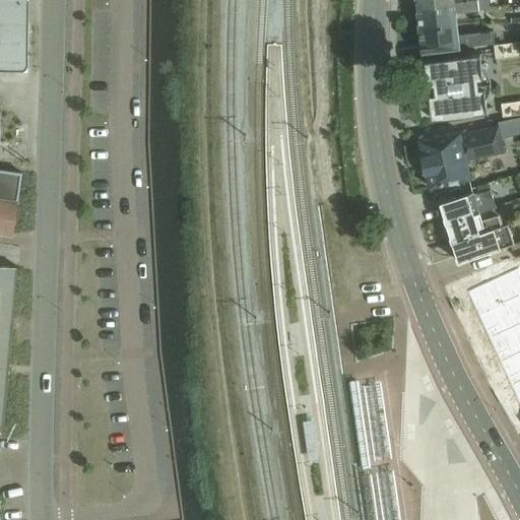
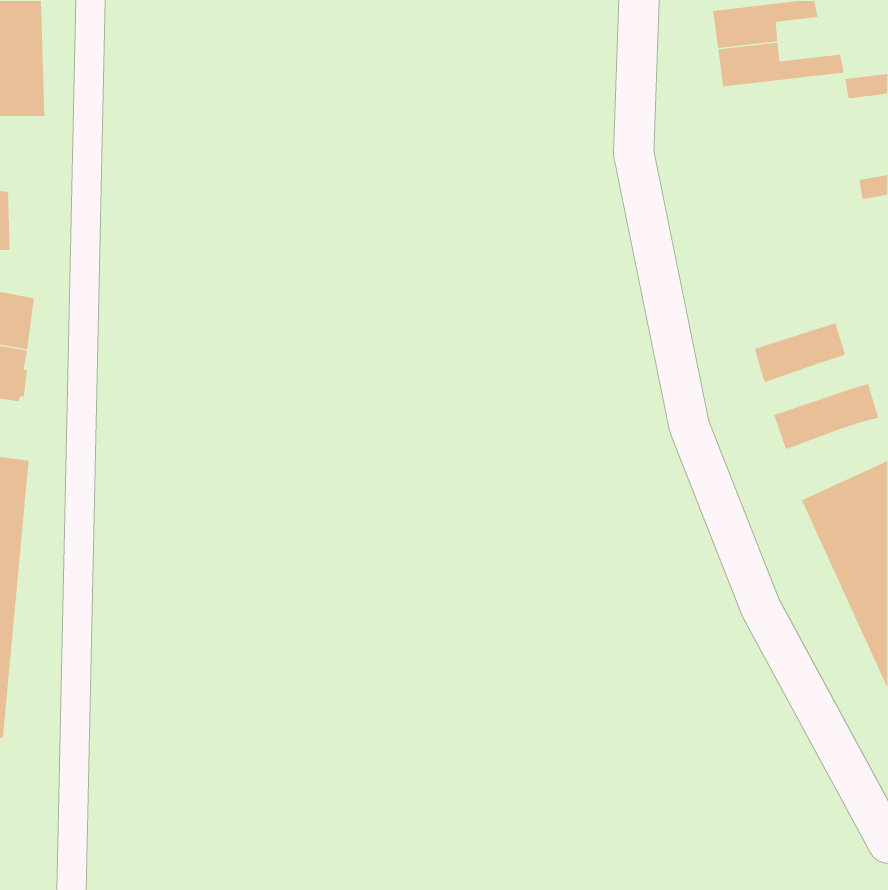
building: [422,54,486,119] -> none
building: [417,124,503,188] -> none
building: [442,212,500,242] -> none

